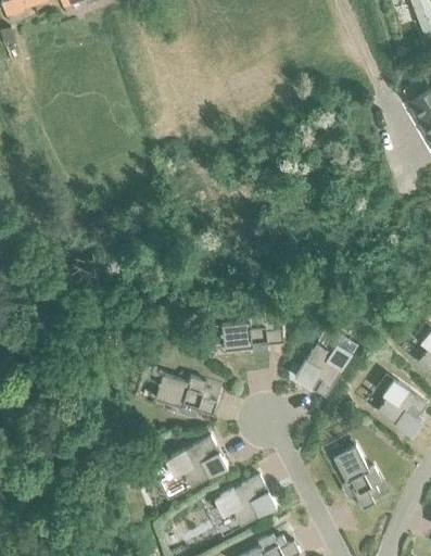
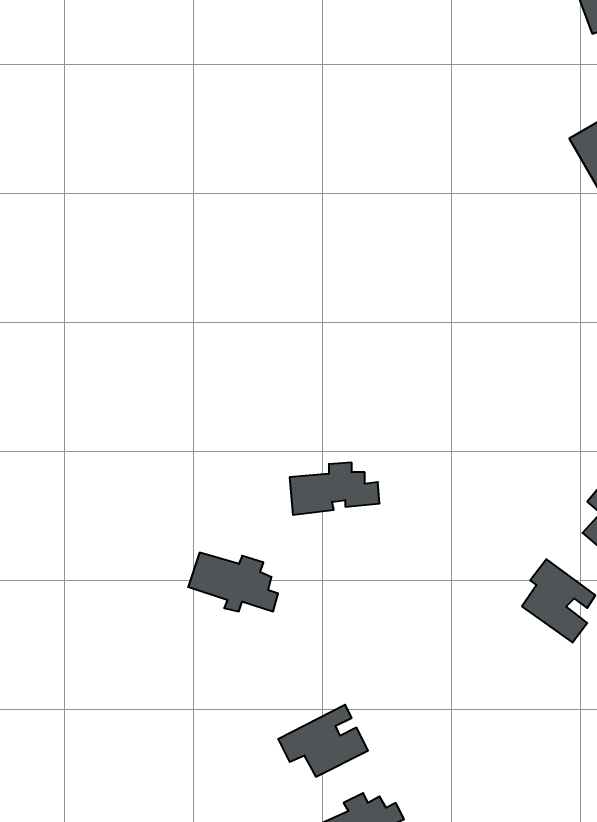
building: [295,344,351,396] -> none
building: [166,439,226,486] -> none
building: [333,447,380,509] -> none

